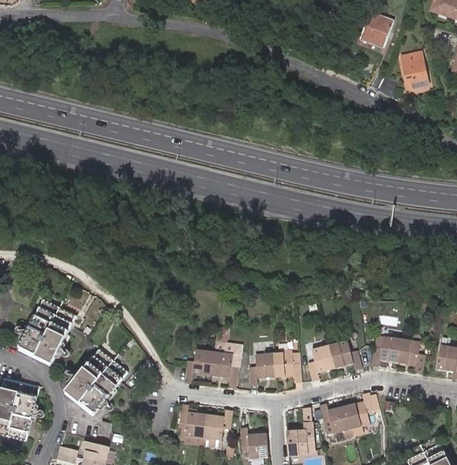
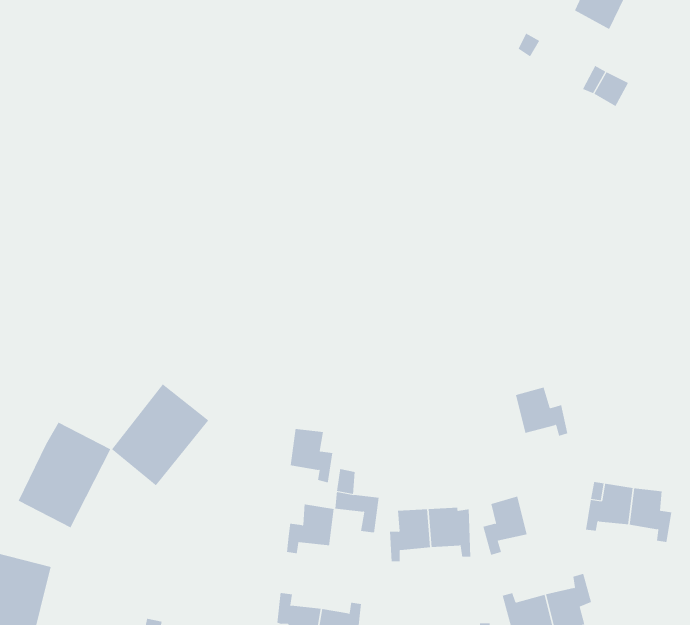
building: [405,58,431,94] -> none
building: [329,339,362,370] -> [515,387,568,437]
building: [65,349,126,413] -> [111,383,209,486]
building: [212,352,239,386] -> [290,429,333,483]

